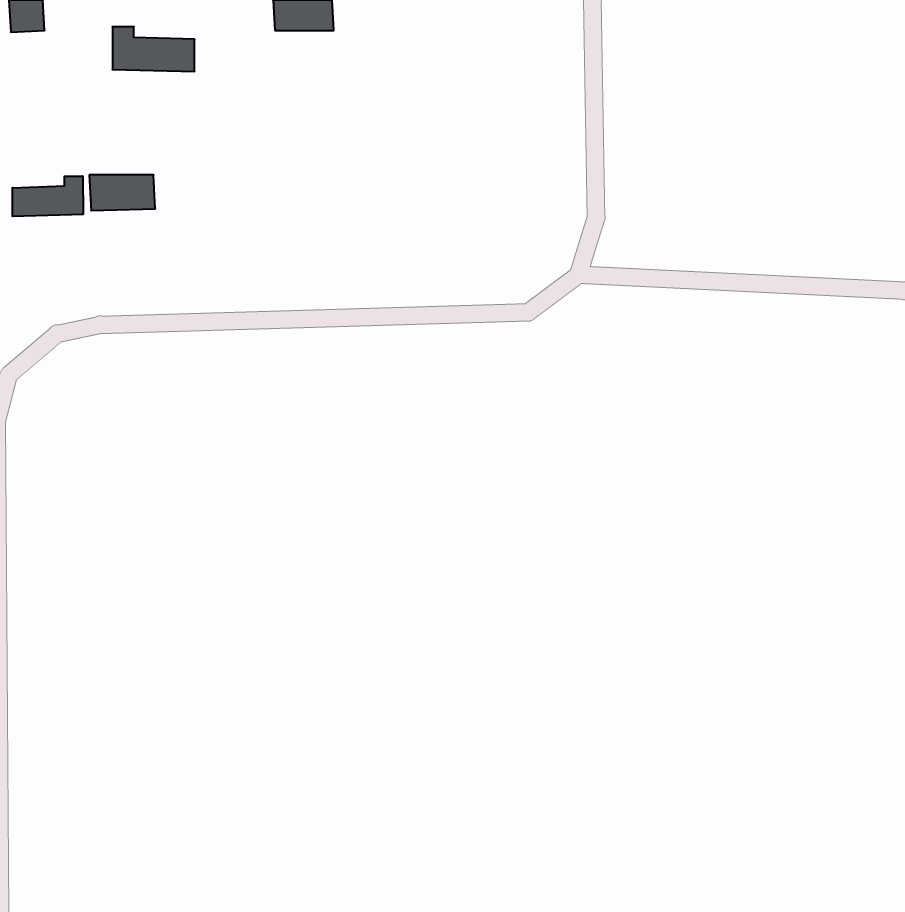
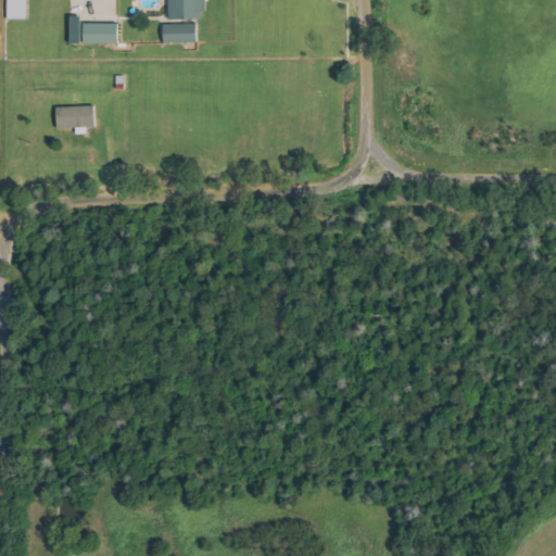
building: none -> [162,23,197,43]
building: [12,176,83,216] -> none

